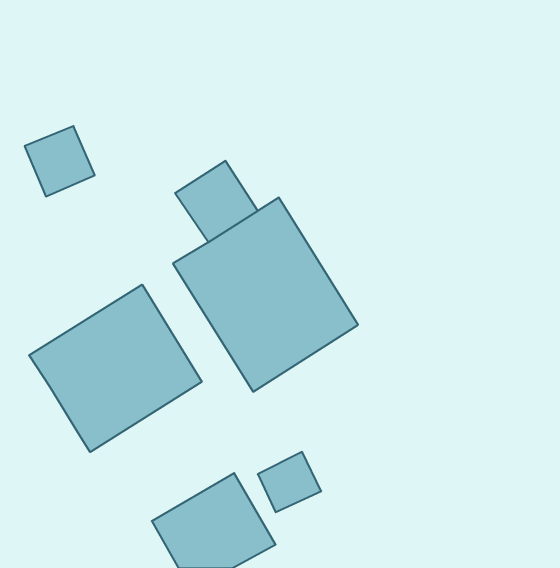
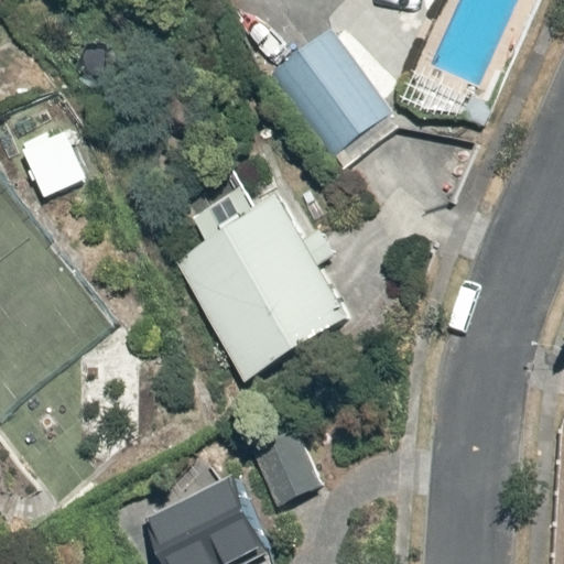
building: none -> [267,34,387,160]
building: [29,285,202,452] -> none

